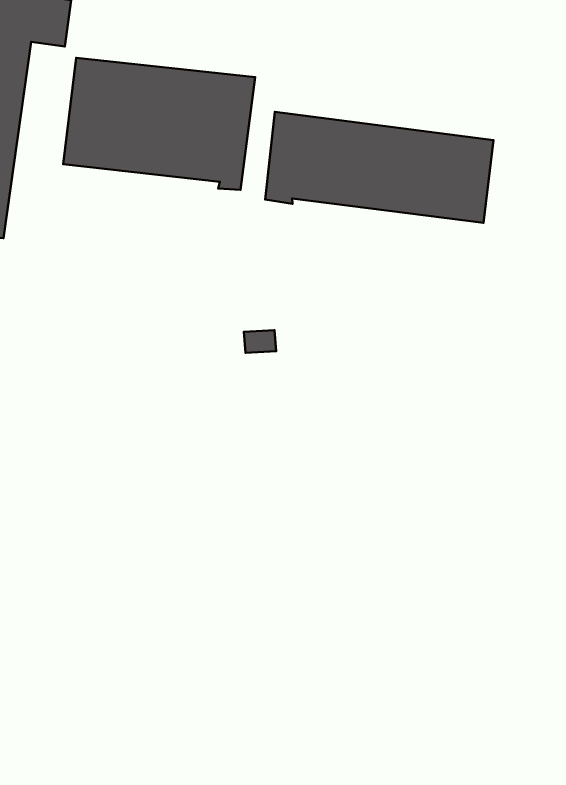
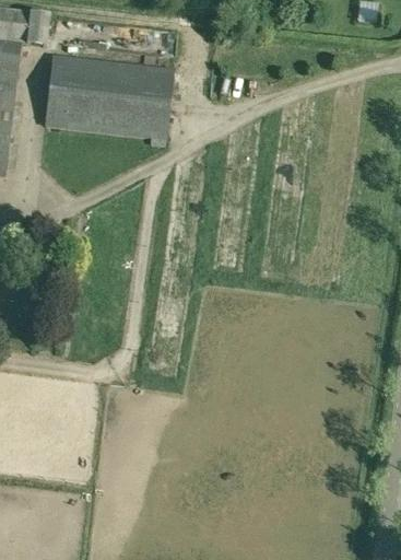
building: [265,112,494,223] -> none

